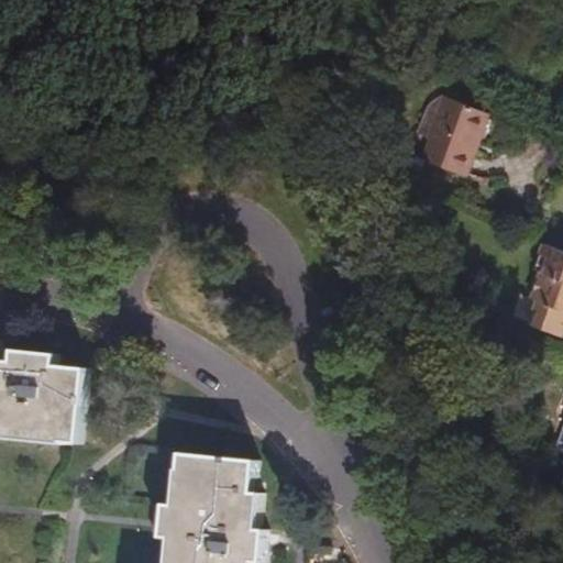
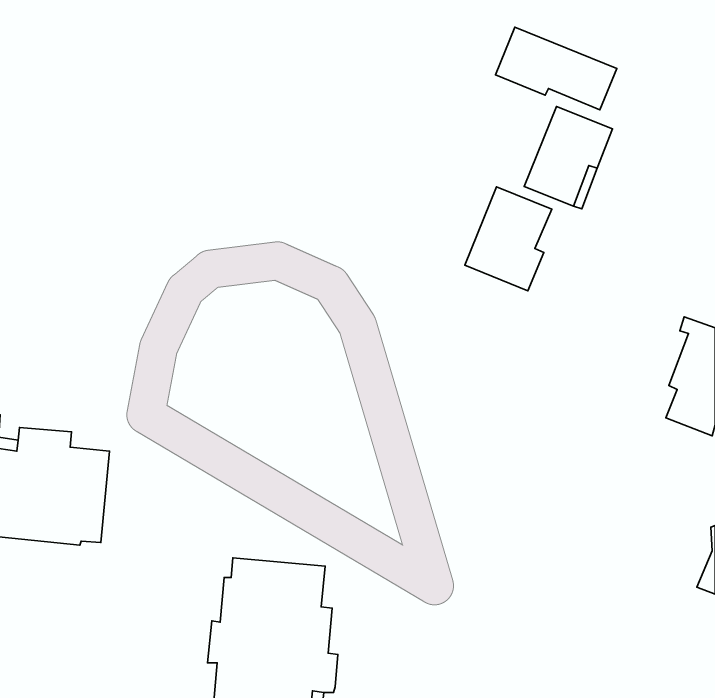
building: none -> [495,27,617,110]
building: none -> [465,187,552,291]

